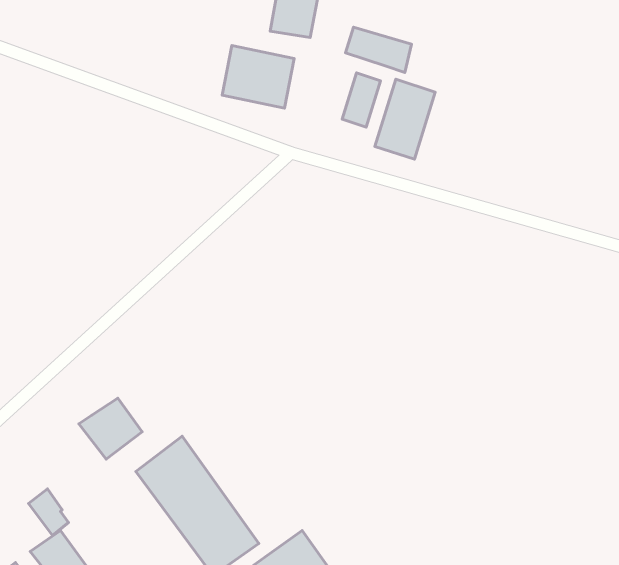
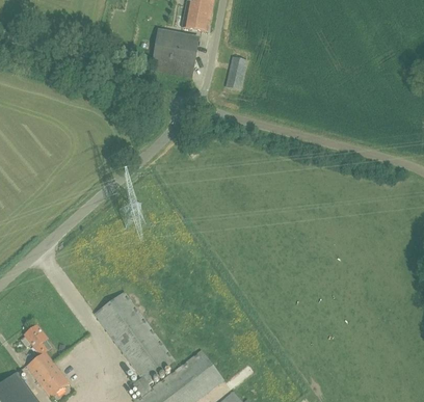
building: [345,27,412,72] -> none
building: [375,79,435,159] -> none
building: [79,398,142,459] -> none

